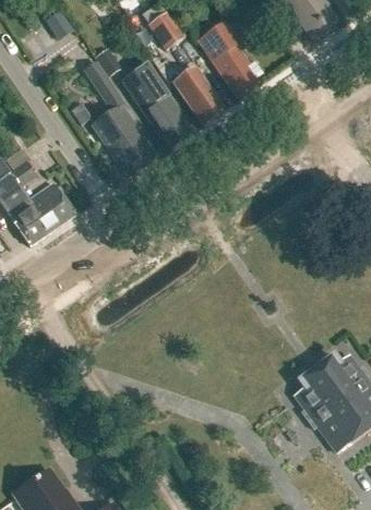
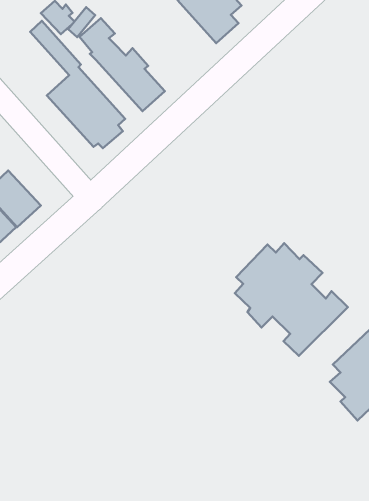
building: [172,65,224,123] -> none
building: none -> [235,243,348,356]

